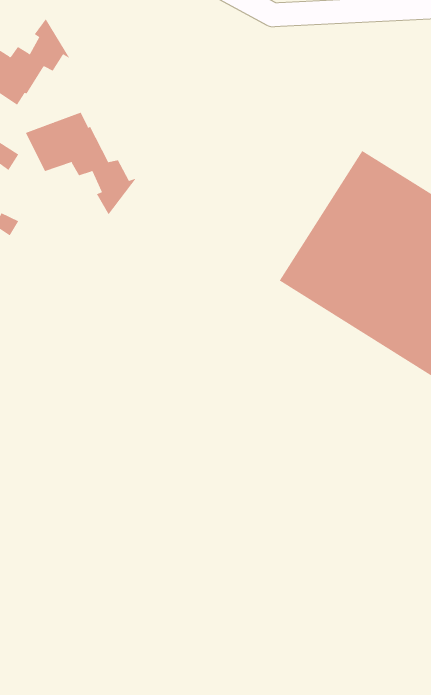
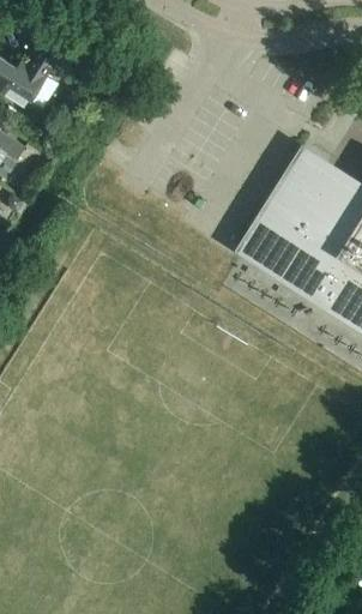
building: [25,112,137,215] -> none

